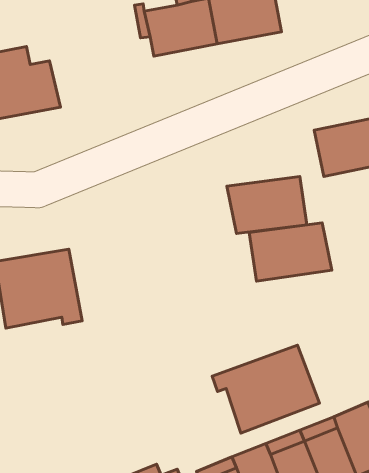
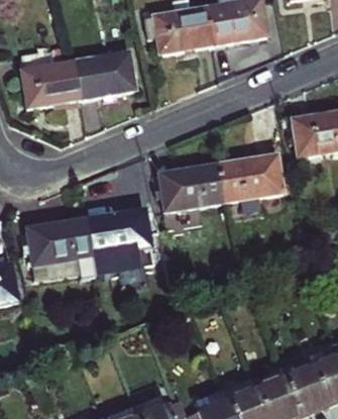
building: none -> [72,50,134,99]
building: [249,223,332,281] -> [158,165,227,213]
building: none -> [88,207,160,277]
building: [212,345,320,433] -> none

